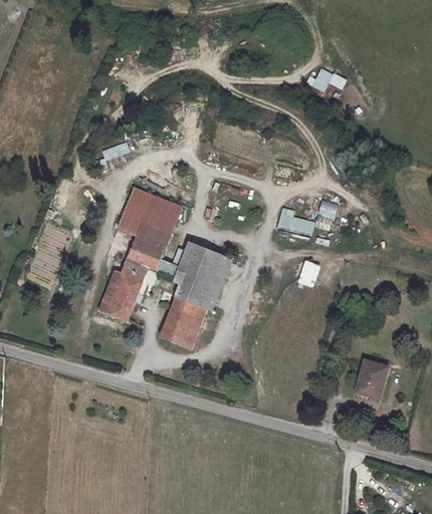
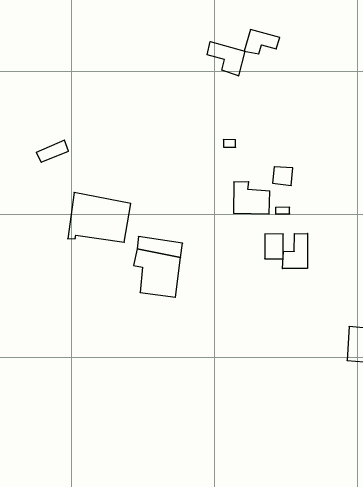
building: none -> [207,42,245,76]
building: [98,231,168,321] -> none
building: none -> [282,233,308,269]
building: [161,294,207,347] -> none

